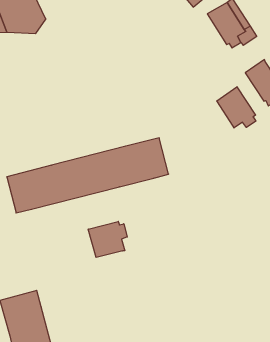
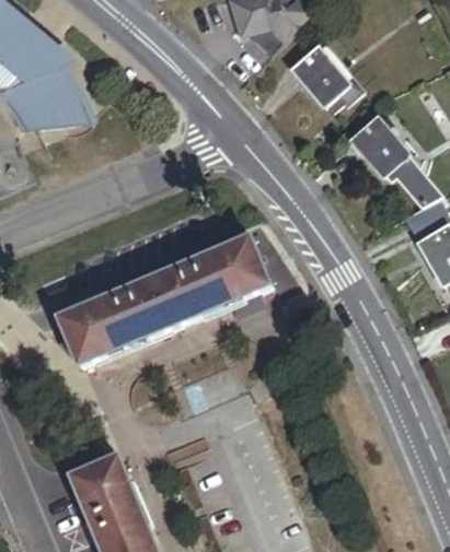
building: [217,87,256,128] -> none
building: [88,221,127,257] -> none

